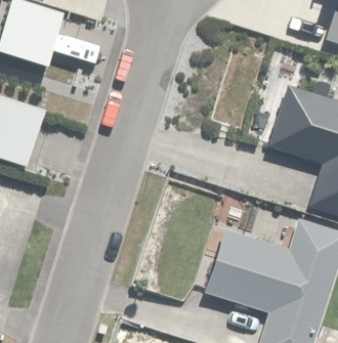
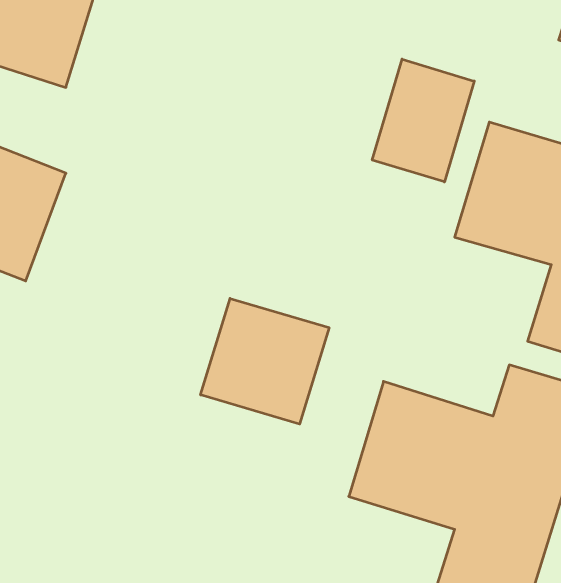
building: none -> [372,59,474,182]
building: none -> [201,298,329,424]

